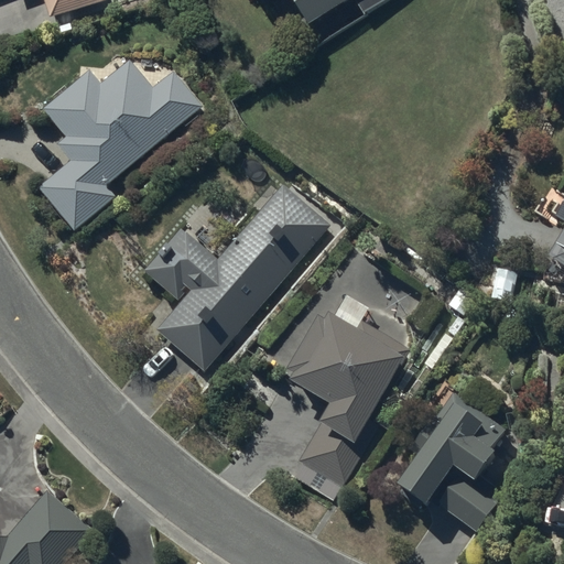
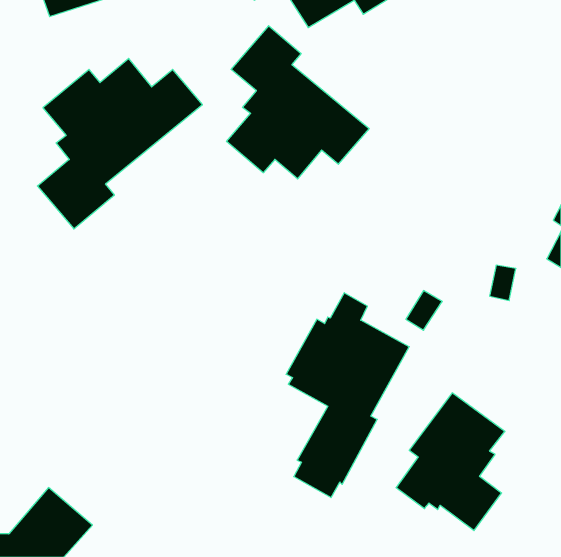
building: none -> [227,26,369,179]
building: [144,183,330,370] -> none

